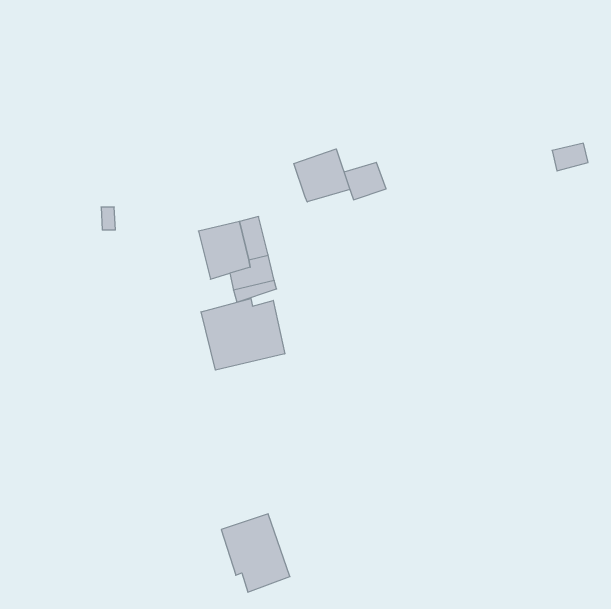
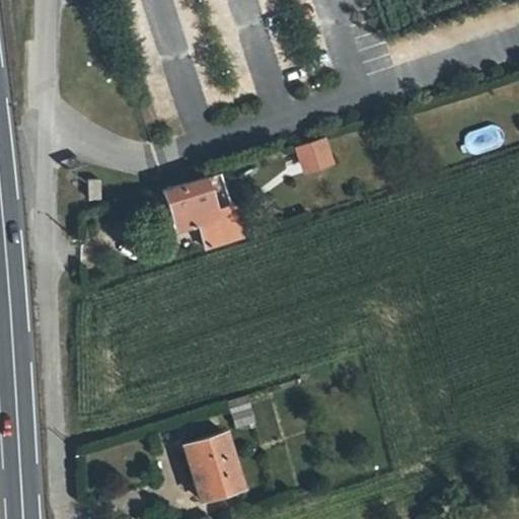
building: [294,149,350,202] -> none
building: [201,298,285,370] -> none

